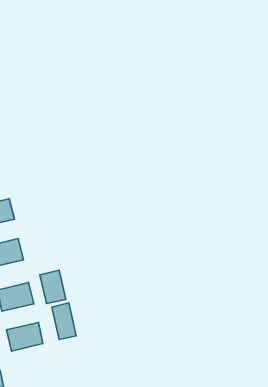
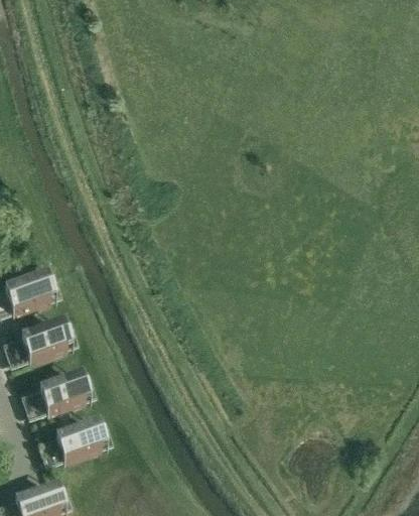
building: [40,270,66,304] -> none
building: [52,303,76,339] -> none

